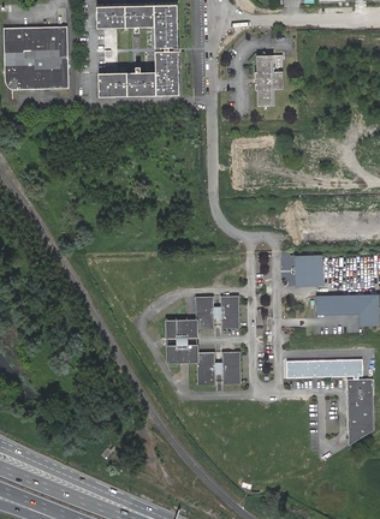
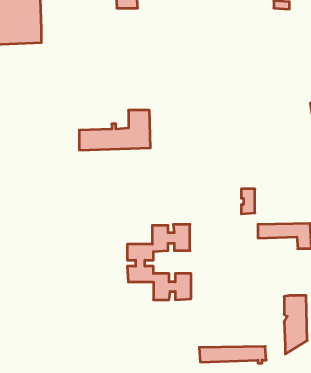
building: [97,50,179,96] -> [79,110,150,150]
building: [254,55,283,107] -> none
building: [285,359,362,378] -> [199,346,266,363]

